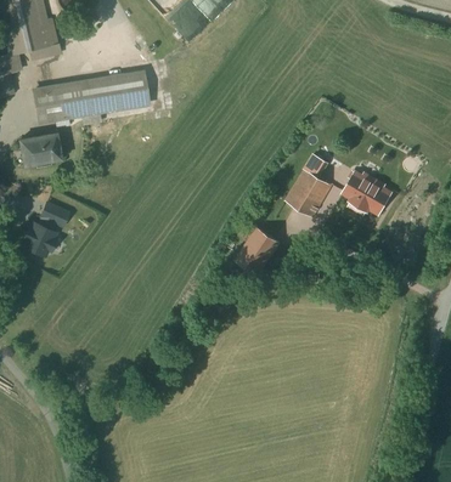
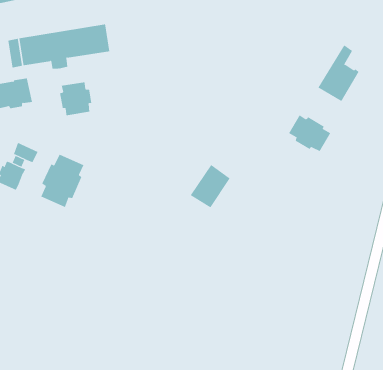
building: none -> [60,81,92,116]
building: [287,153,333,216] -> [317,44,359,102]
building: none -> [40,154,84,208]

